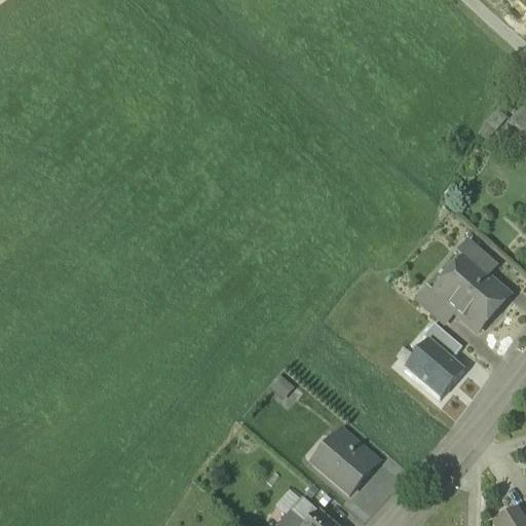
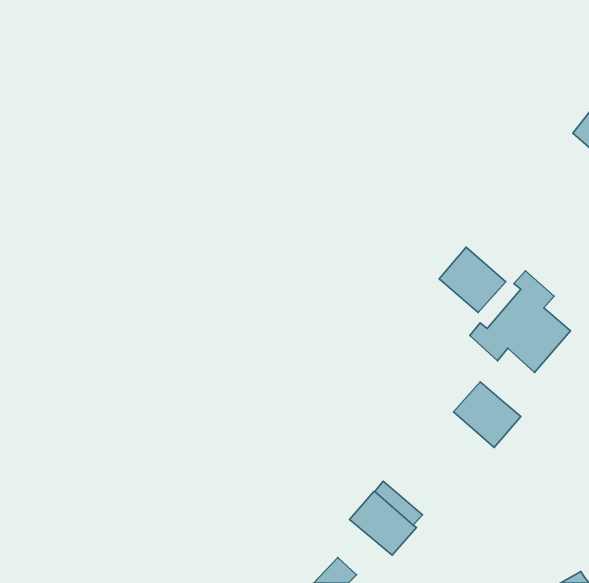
building: none -> [439,247,506,312]
building: [423,321,462,359] -> none

